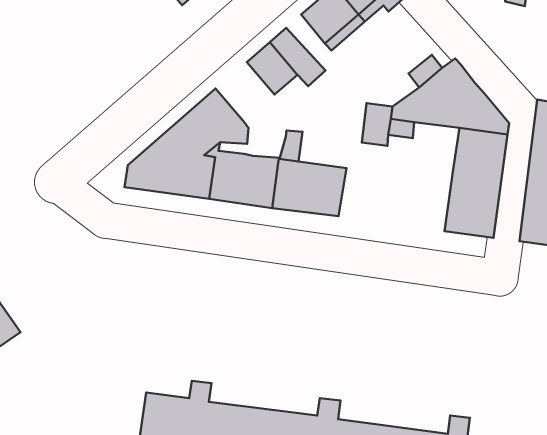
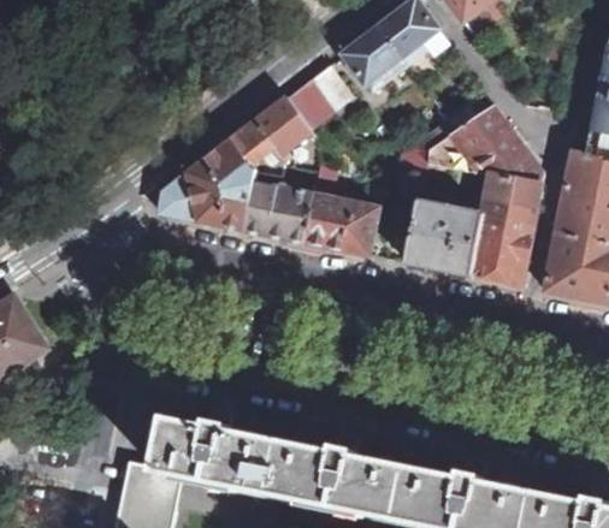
building: none -> [254,97,312,155]
building: none -> [404,201,484,277]

